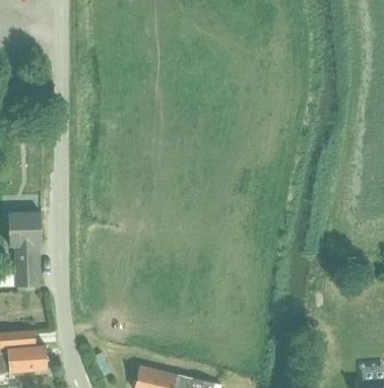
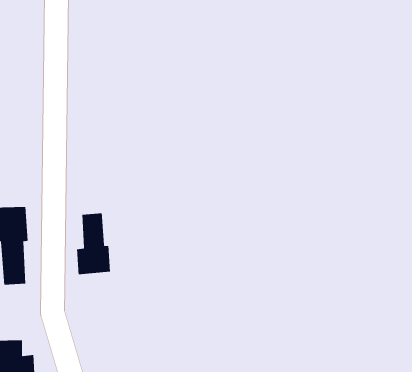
building: none -> [76,213,111,275]

